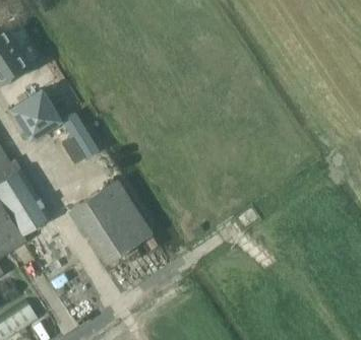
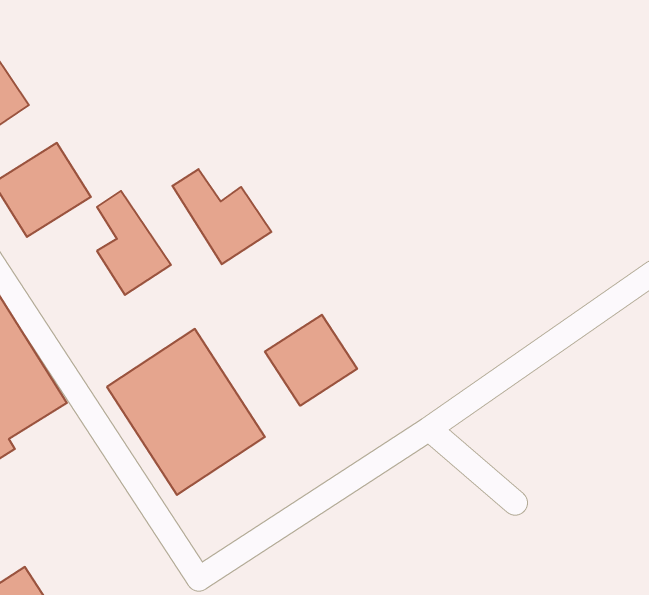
building: none -> [172,169,271,264]
building: none -> [265,315,357,406]

